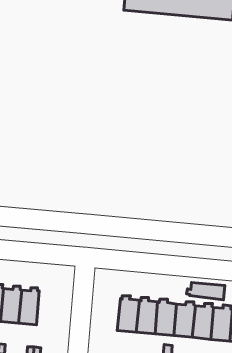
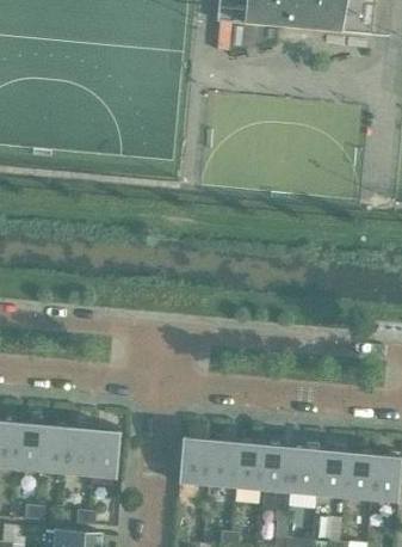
building: [186,282,225,300] -> none
building: none -> [89,426,120,480]
building: none -> [178,432,211,486]

